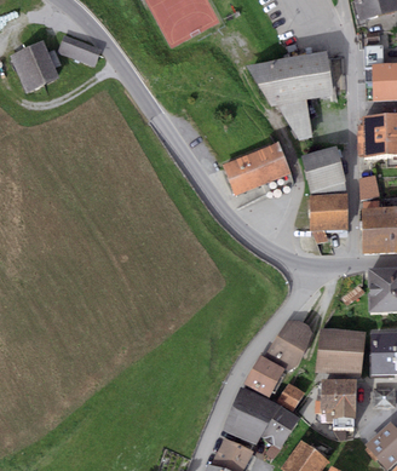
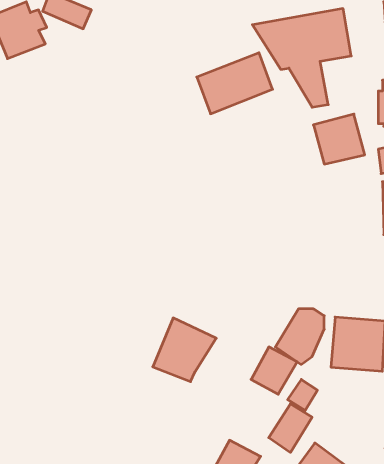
building: [223,139,290,194] -> [197,53,273,114]
building: [309,191,347,229] -> none
building: [321,378,357,415] -> none
building: [223,385,280,442] -> [153,318,216,382]

